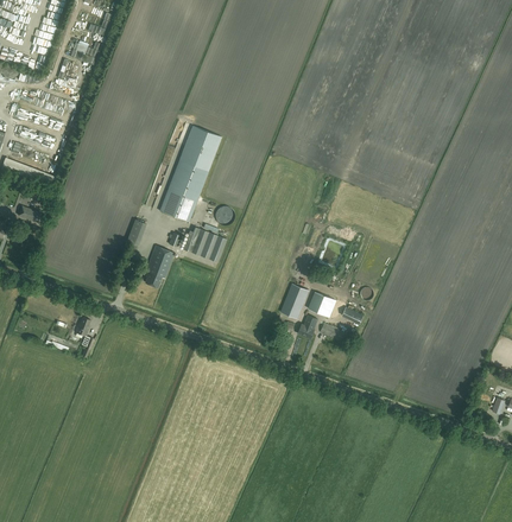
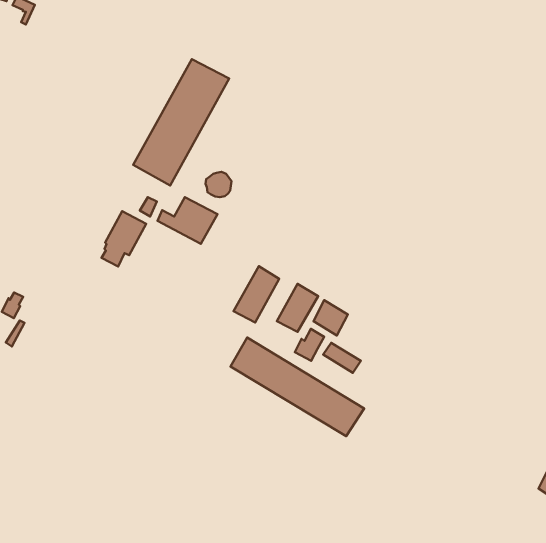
building: none -> [233,266,279,323]
building: none -> [230,338,364,436]

